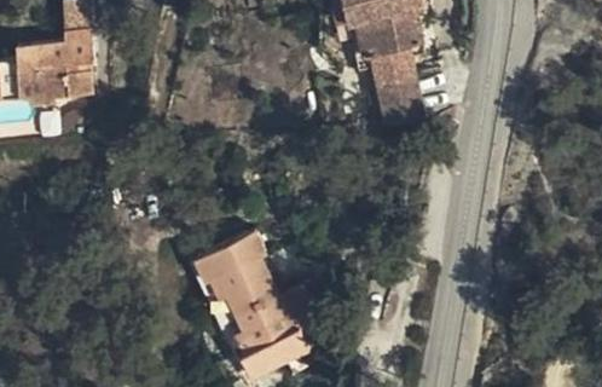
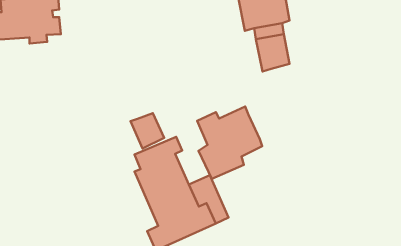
building: none -> [197,106,262,179]
building: none -> [131,113,164,148]

